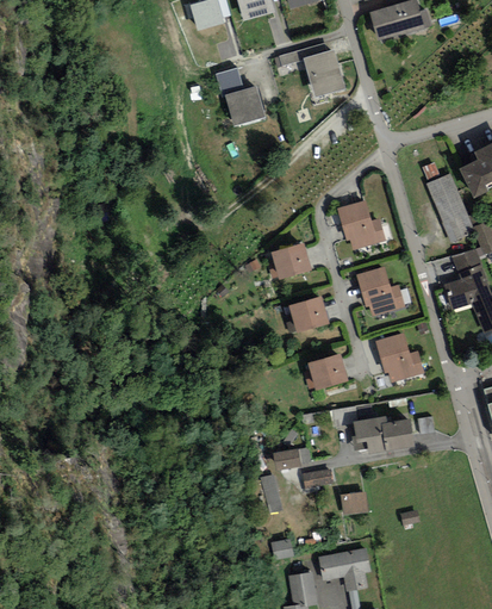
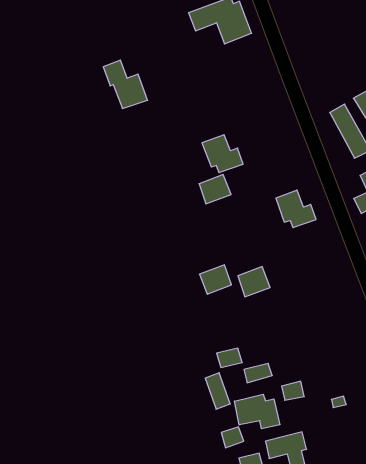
building: [218,67,266,123] -> [103,60,148,109]
building: [337,204,382,247] -> [202,135,243,173]
building: [288,297,324,329] -> [199,265,231,294]
building: [376,335,421,378] -> none
building: [353,420,407,450] -> none
building: none -> [234,394,280,429]

